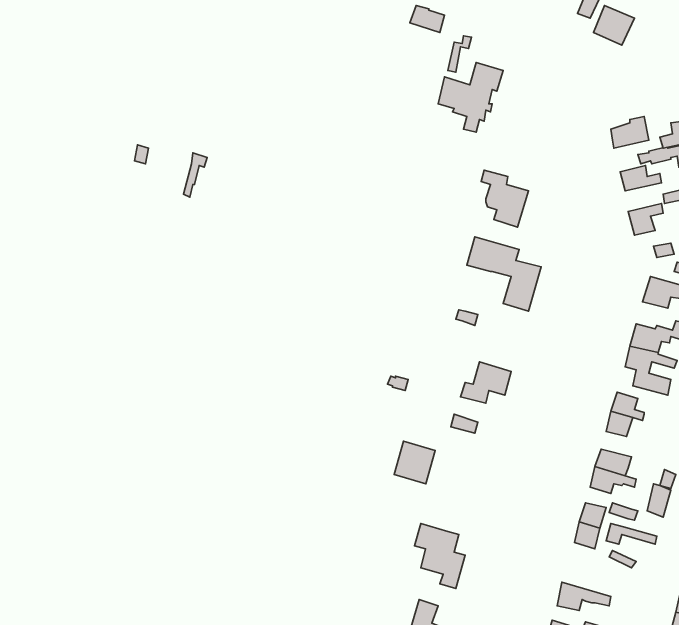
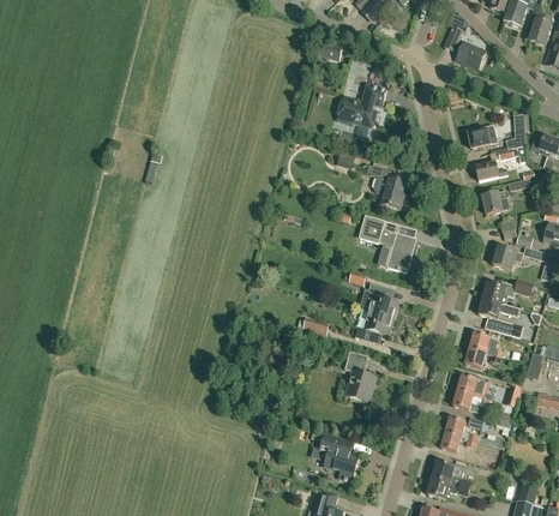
building: none -> [367,281,397,317]
building: [394,441,435,484] -> [344,370,375,402]
building: none -> [431,460,470,487]

